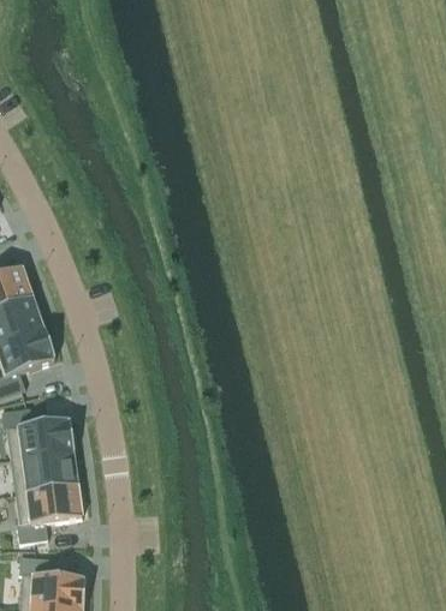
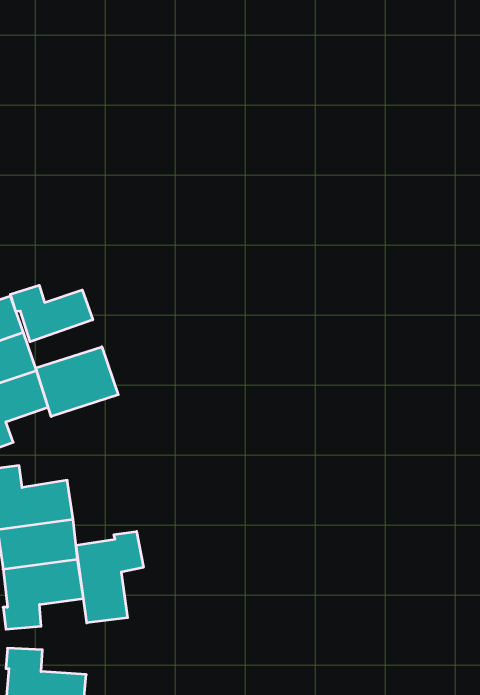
building: none -> [10,285,93,342]
building: none -> [36,347,118,417]
building: none -> [76,531,143,623]

